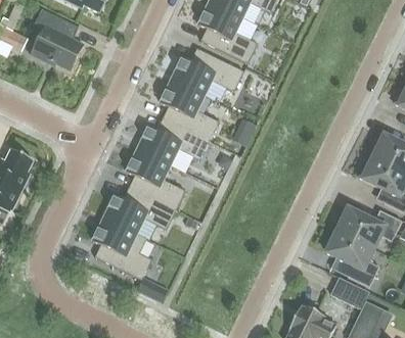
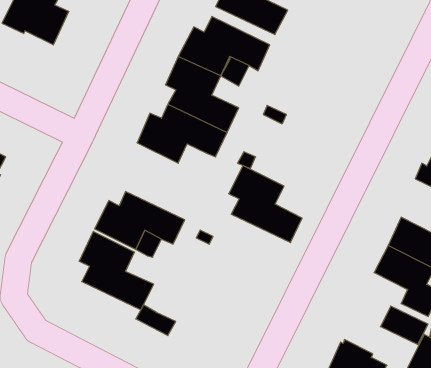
building: [126,148,184,209] -> [229,165,302,243]

